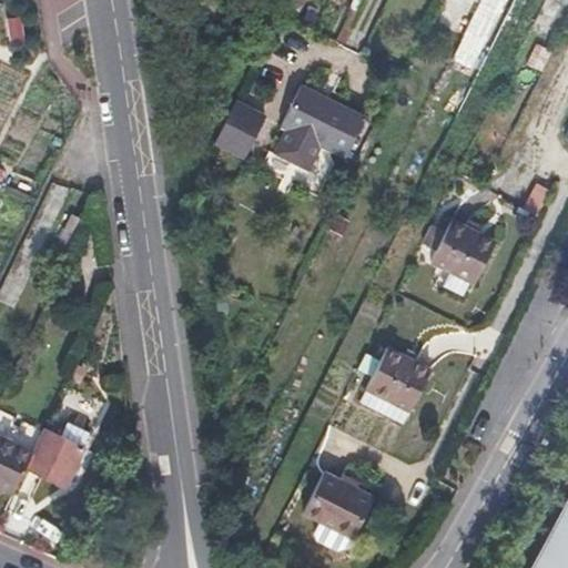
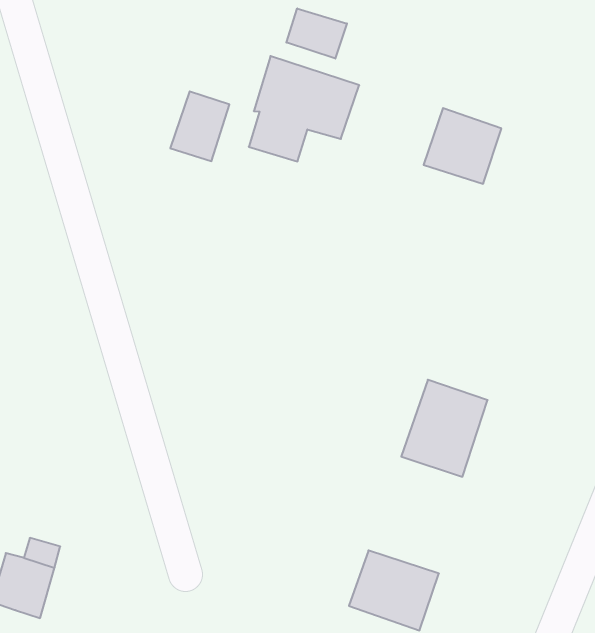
building: none -> [286,8,347,59]
building: [430,220,494,282] -> [424,108,501,184]

